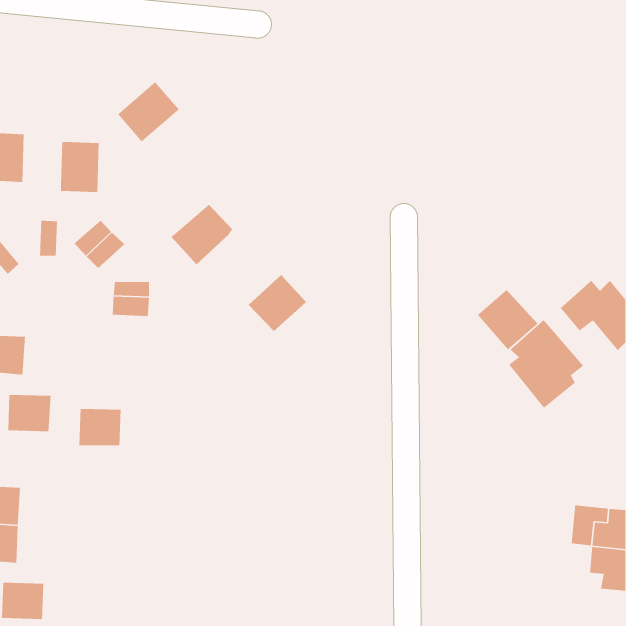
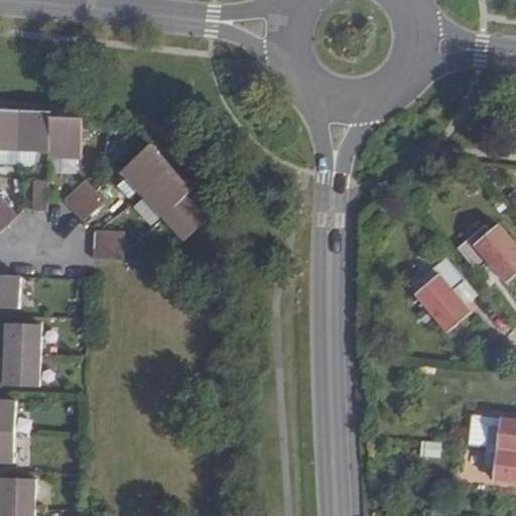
building: [117,81,180,143] -> [120,144,171,195]
building: none -> [19,110,50,152]
building: [248,274,307,332] -> [161,192,210,240]
building: [477,289,539,350] -> none
building: [79,408,121,446] -> [5,354,40,385]

